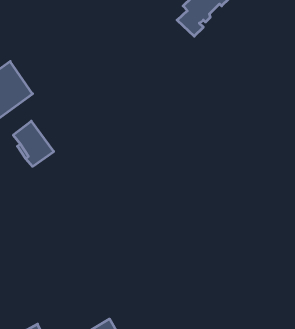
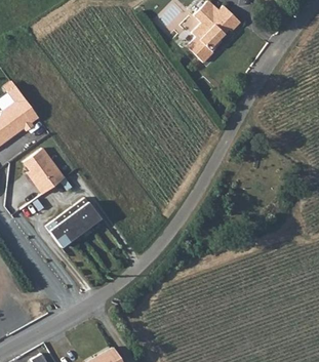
building: none -> [42,197,96,246]

